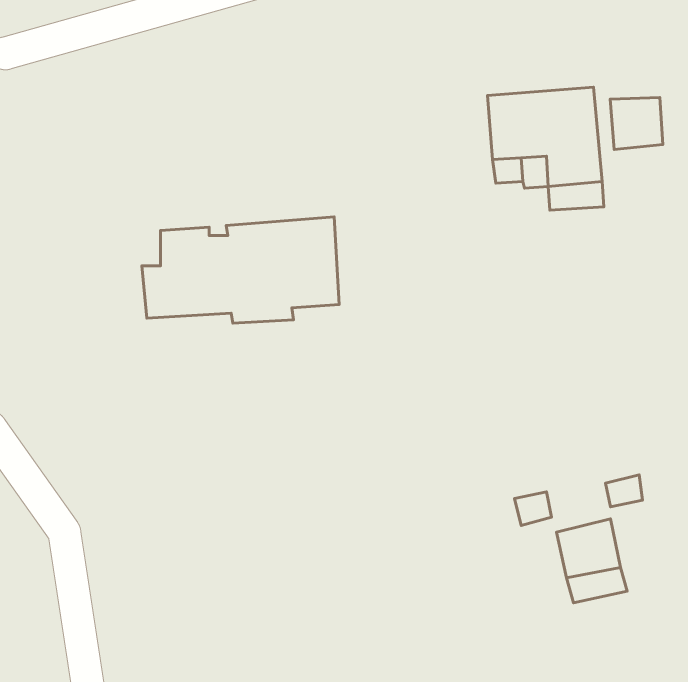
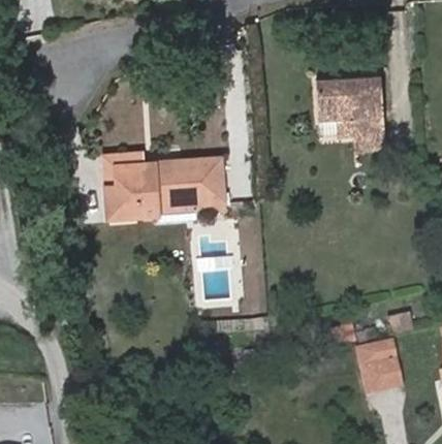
building: [610,98,663,149] -> none
building: none -> [100,149,145,185]

